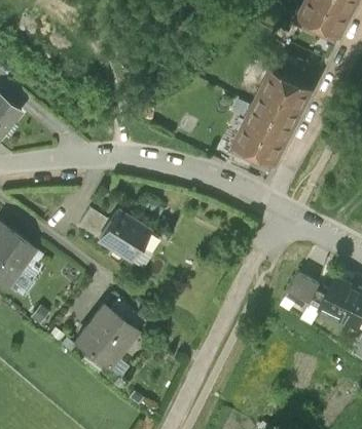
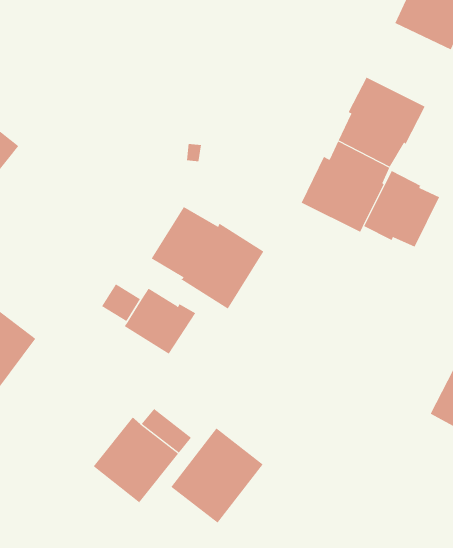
building: none -> [364,170,440,247]
building: none -> [151,206,264,310]
building: [280,272,318,314] -> none
building: none -> [171,428,263,523]

